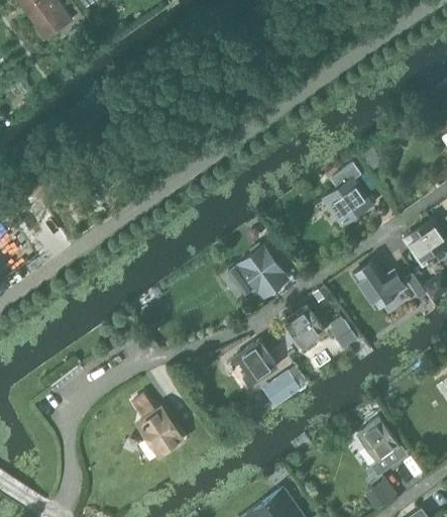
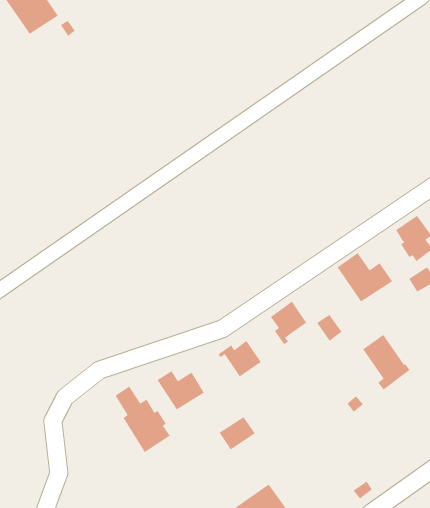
building: [326,164,372,225] -> none
building: [238,246,289,297] -> none
building: [263,372,301,406] -> [218,416,256,451]
building: none -> [157,370,205,411]
building: [357,417,406,474] -> [362,334,411,390]

